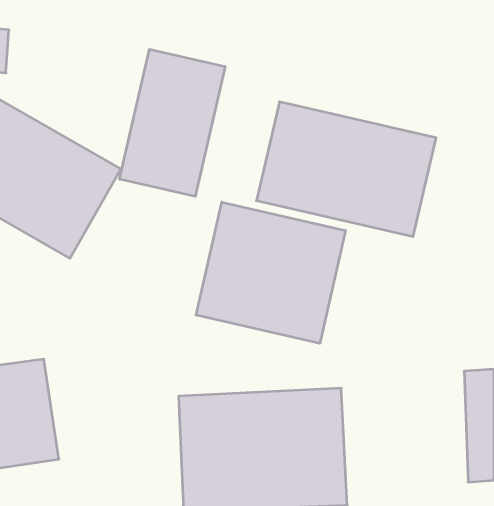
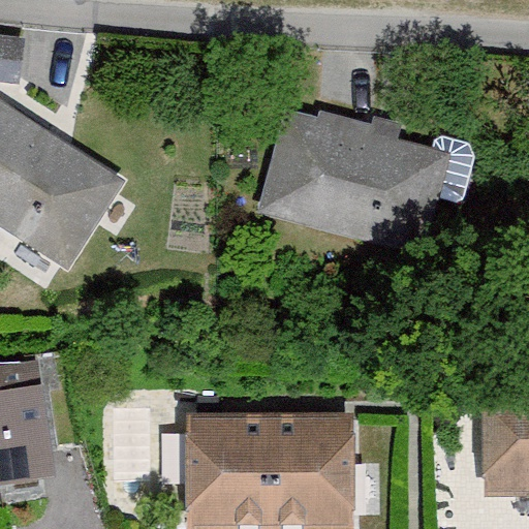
building: [120,49,225,196] -> none
building: [196,202,345,343] -> none

